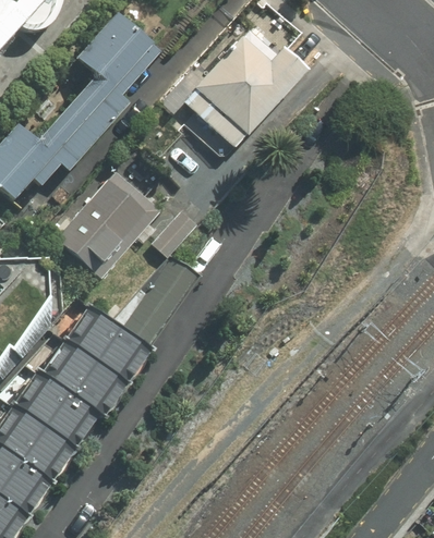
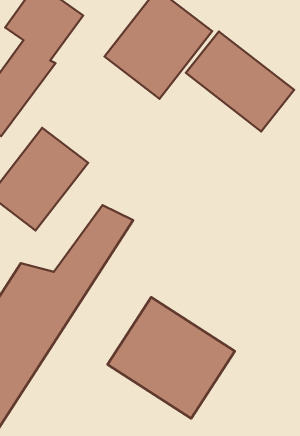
building: none -> [186,31,294,131]
building: none -> [107,297,235,419]

